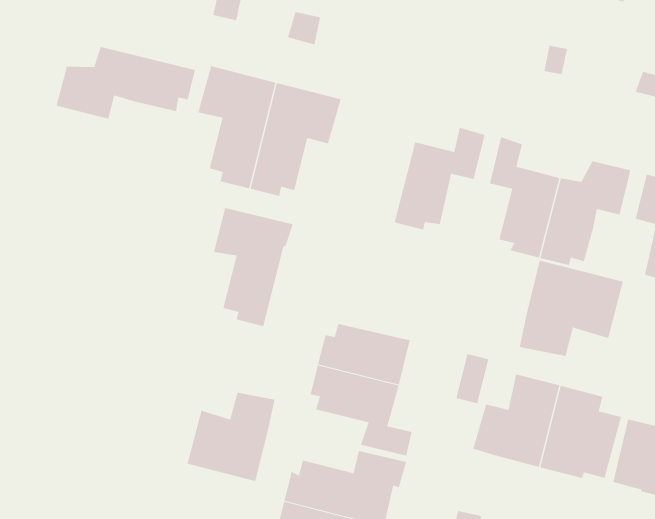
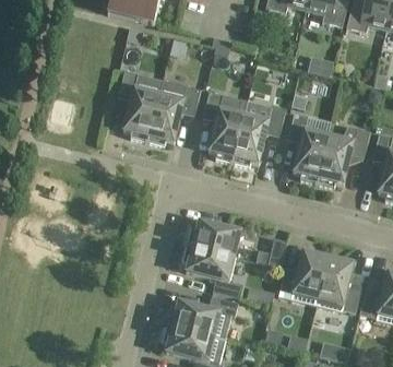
building: [56,46,196,119] -> none
building: [213,207,294,327] -> [202,91,249,161]
building: [519,260,623,357] -> none
building: [187,392,275,482] -> none

